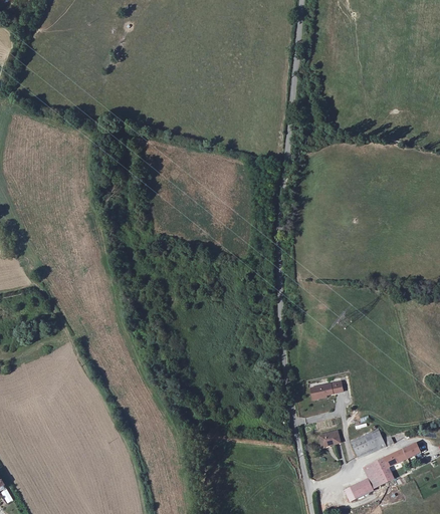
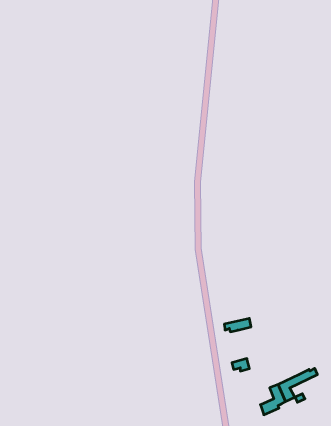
building: [352,429,384,456] -> none

